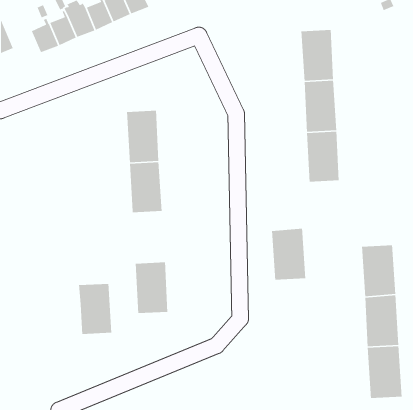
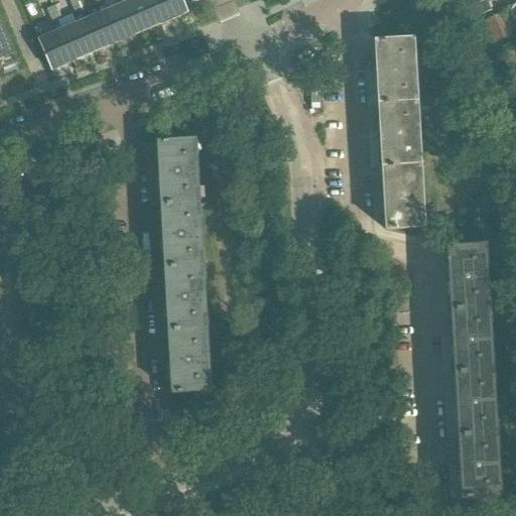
building: [271,228,306,280] -> [446,242,490,307]
building: [78,283,112,335] -> [164,264,207,329]

